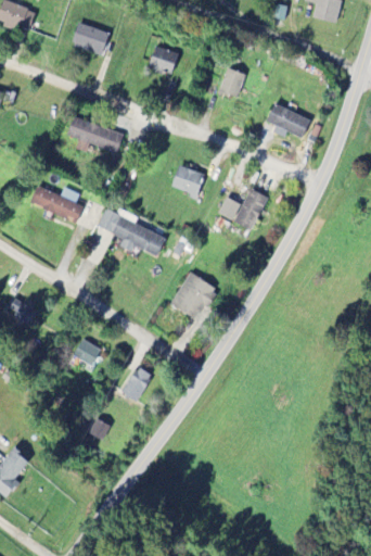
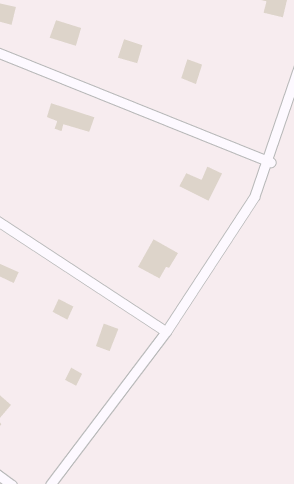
building: [267,103,310,137] -> none
building: [171,165,204,195] -> none
building: [29,186,82,222] -> none
building: [98,207,165,256] -> none

